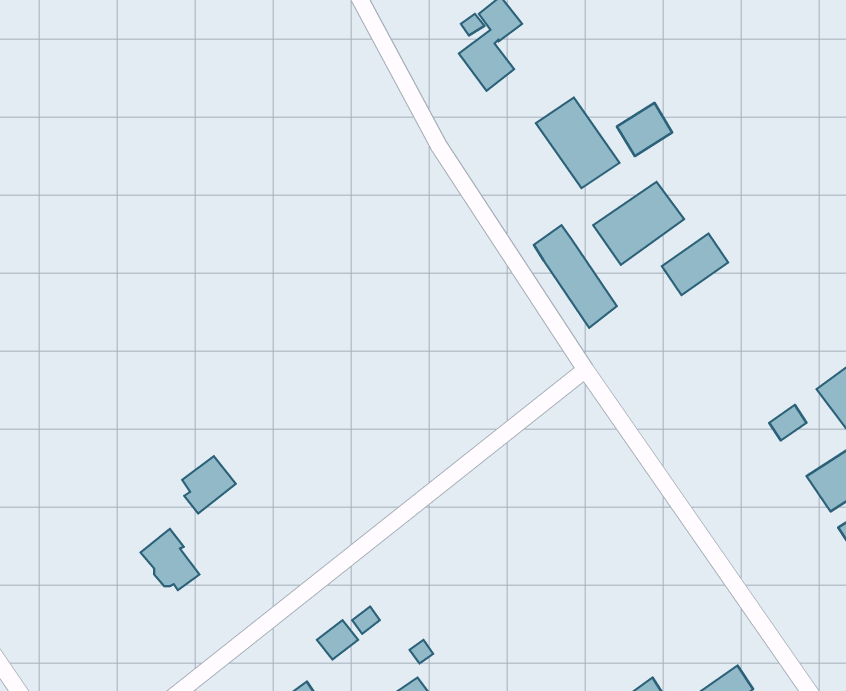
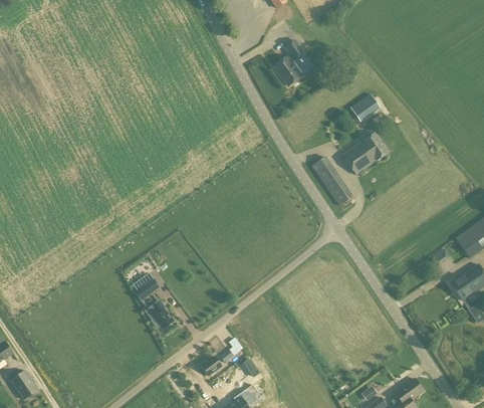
building: [536,98,620,188] -> none
building: [662,233,728,295] -> none
building: [140,529,200,590] -> [144,298,174,330]

